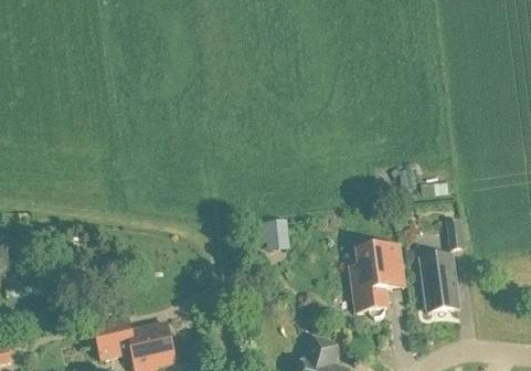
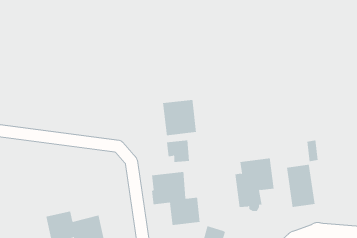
building: none -> [163,99,197,136]
building: none -> [151,171,200,226]

